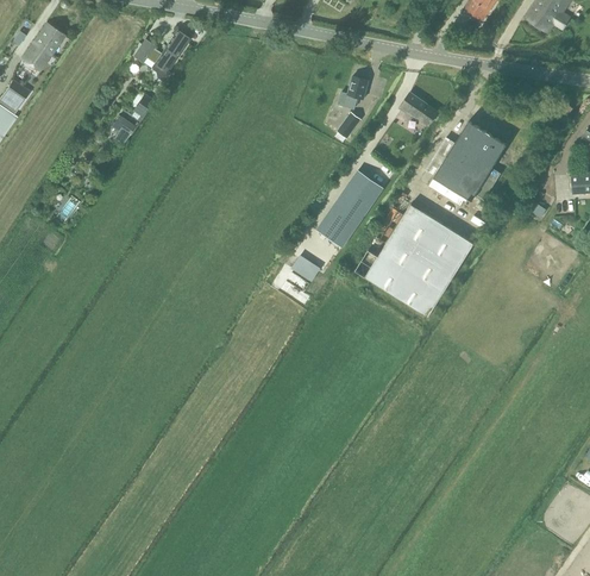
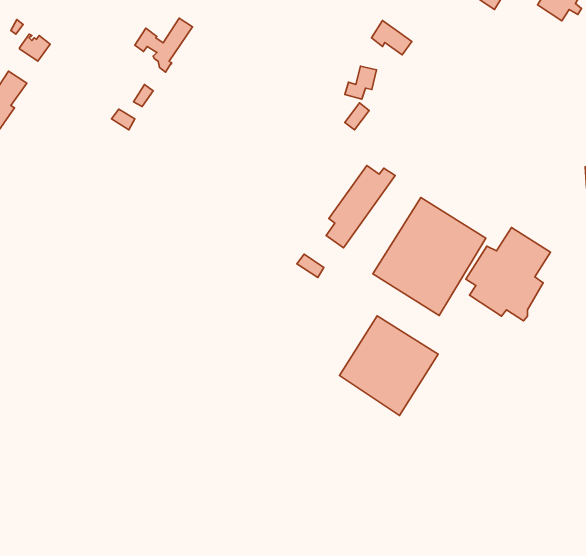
building: [31,24,63,55] -> none
building: [398,92,438,125] -> [371,21,412,55]
building: [425,120,507,211] -> [466,228,551,321]
building: none -> [339,316,438,415]

